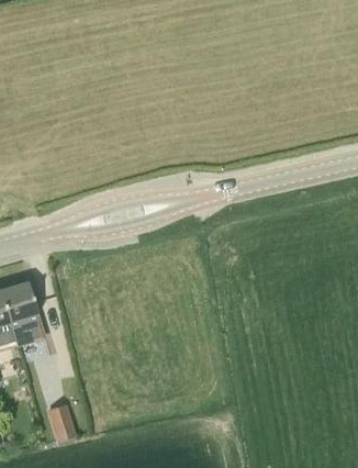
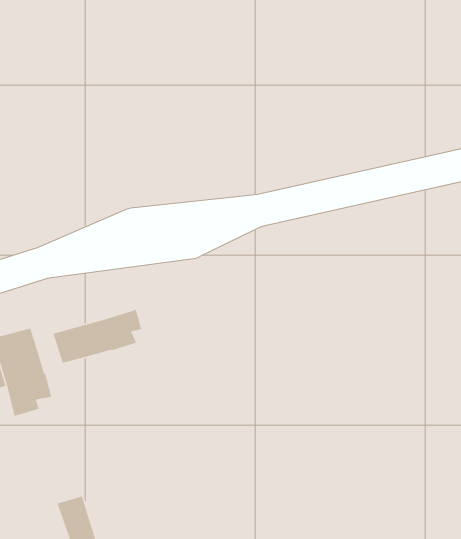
building: none -> [52,309,142,364]

